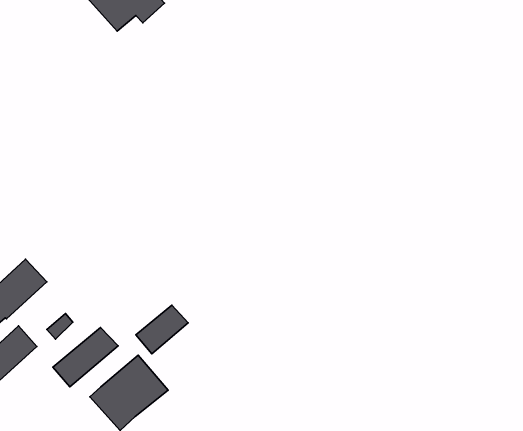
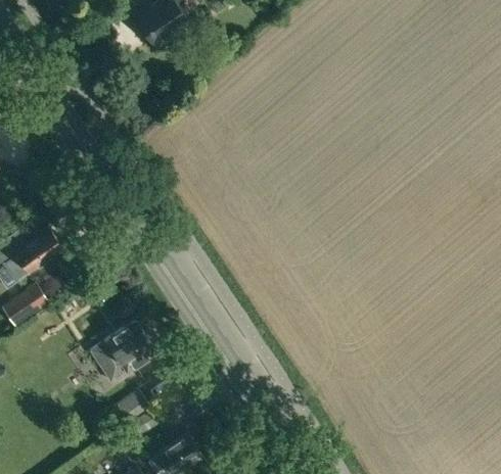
building: [136,305,188,354] -> none
building: [53,327,118,387] -> none

